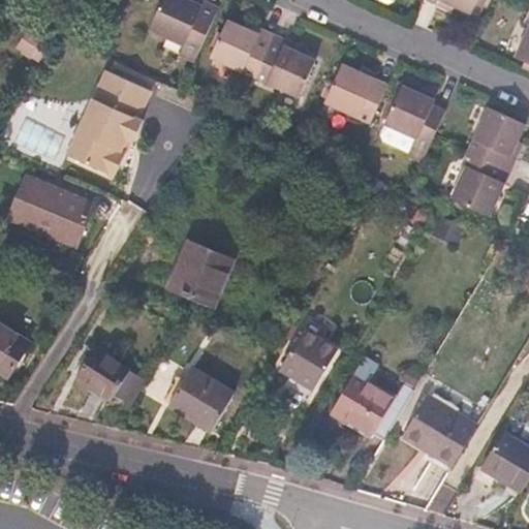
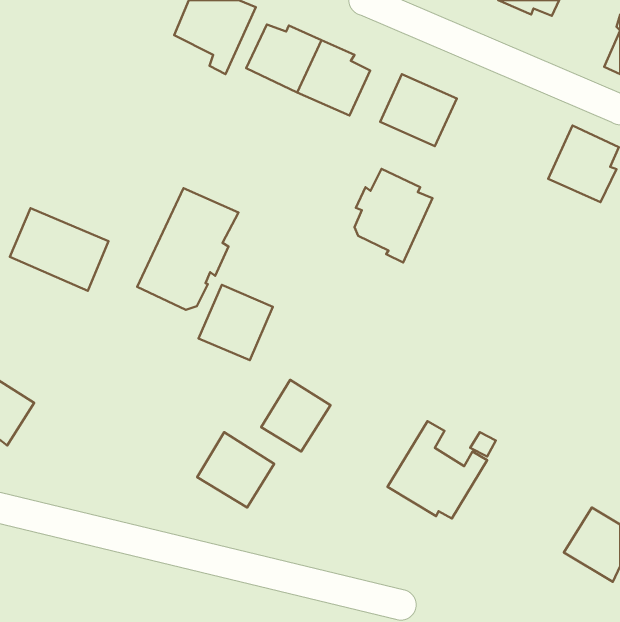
building: [65,70,151,174] -> [137,188,238,310]
building: [378,85,444,164] -> [355,169,432,263]
building: [448,152,509,217] -> none
building: [278,329,337,390] -> [261,380,330,452]
building: [73,347,145,404] -> none
building: [404,395,476,467] -> none

